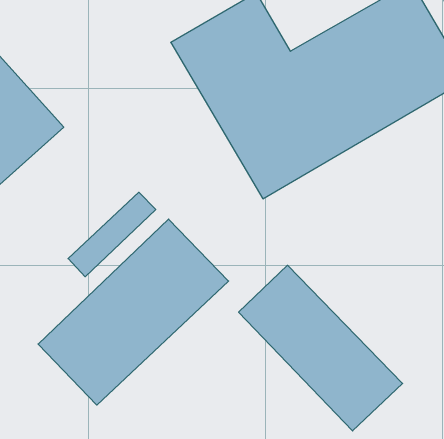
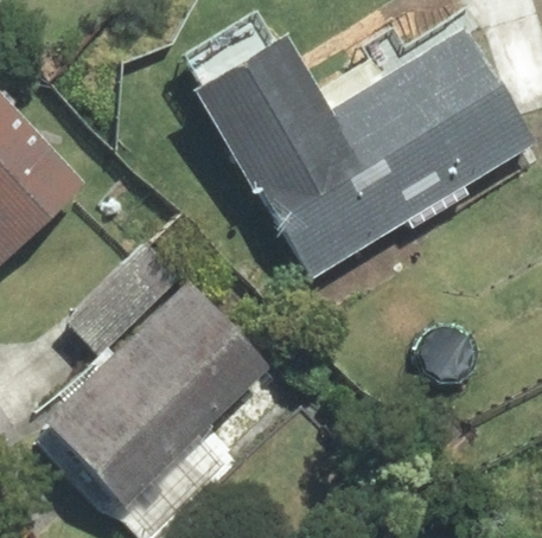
building: [239,265,403,431] -> none

